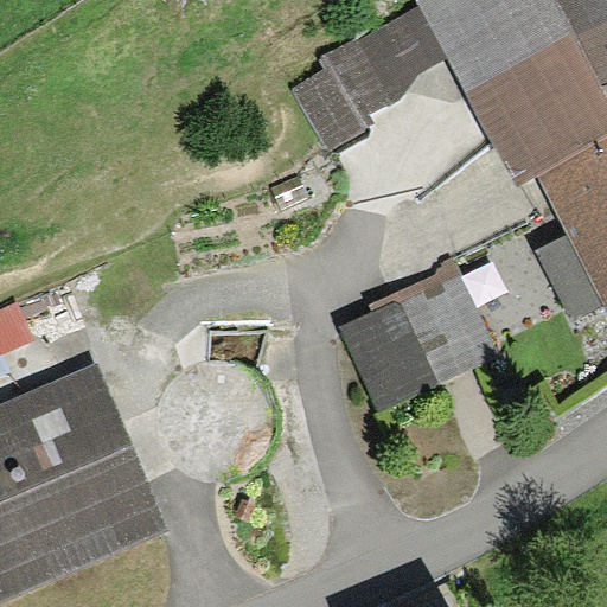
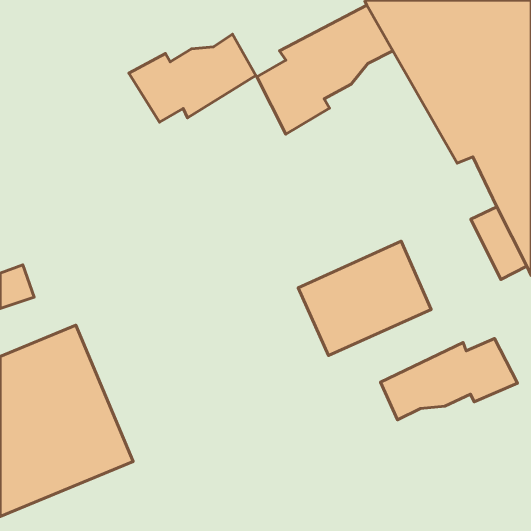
building: none -> [129,34,256,122]
building: none -> [381,338,517,420]

